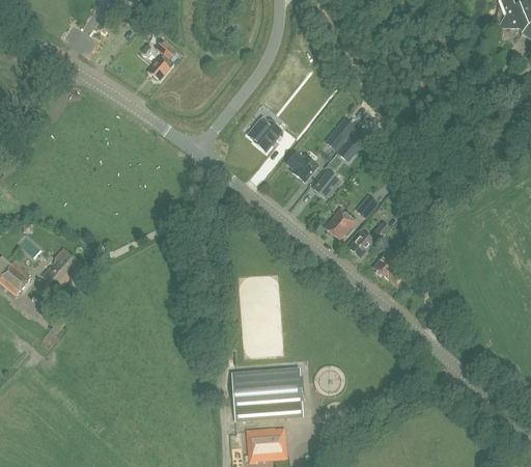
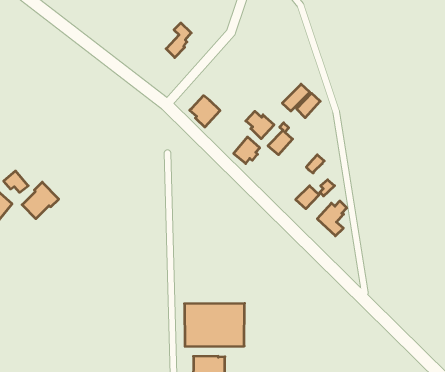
building: [148,40,175,80] -> [166,23,191,58]
building: [247,115,281,150] -> [190,96,220,127]
building: [325,209,354,239] -> [234,137,260,164]

